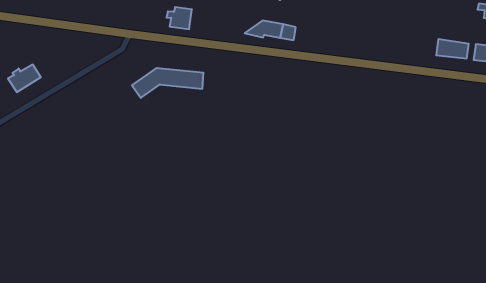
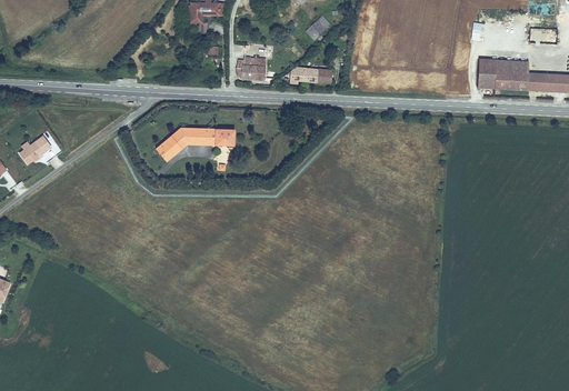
building: [166,7,192,29] -> [238,54,266,78]
building: none -> [478,59,529,89]

